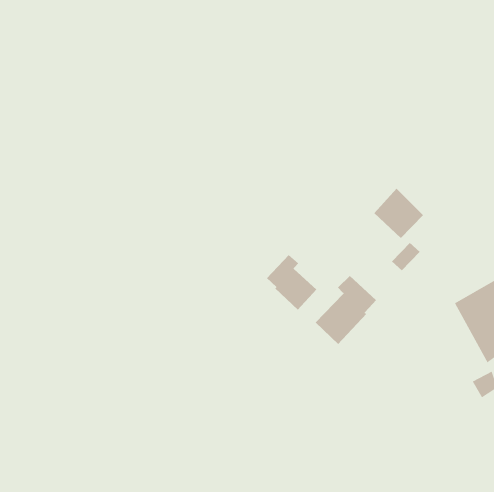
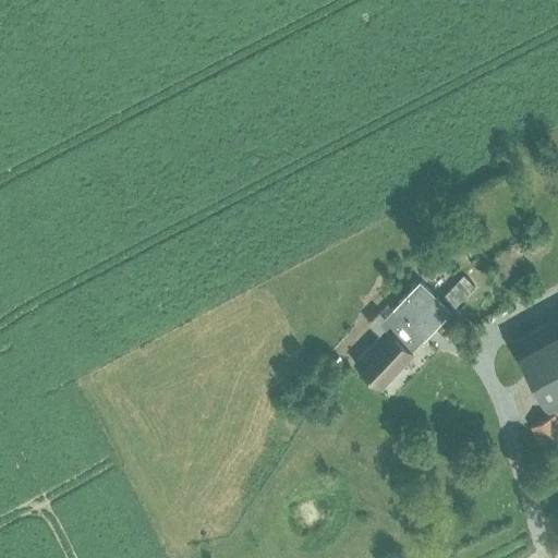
building: [373,188,424,239] -> [395,284,451,342]
building: [266,254,317,310] -> none

